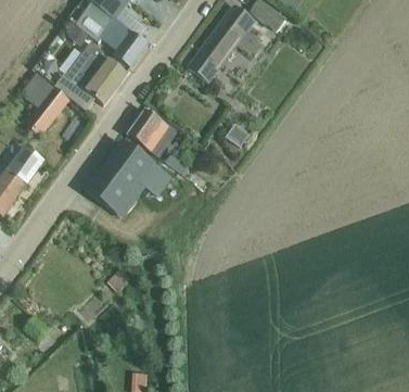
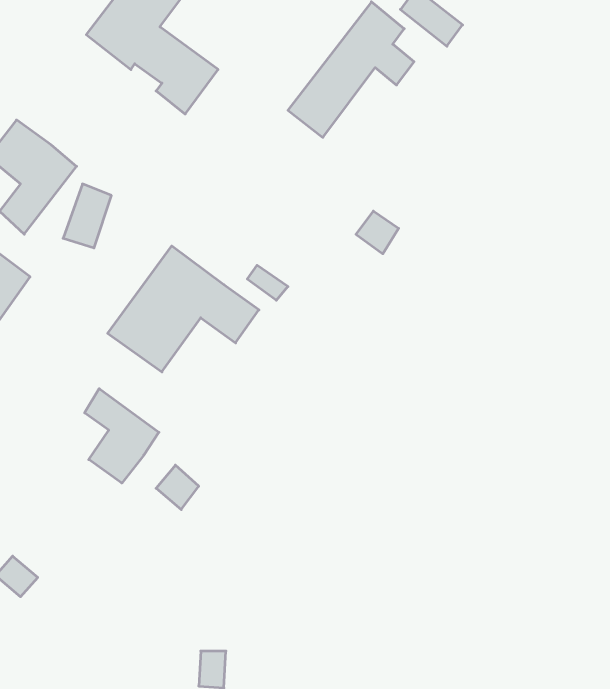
building: [55,42,127,109] -> none
building: [127,110,171,153] -> none
building: none -> [85,389,159,483]

